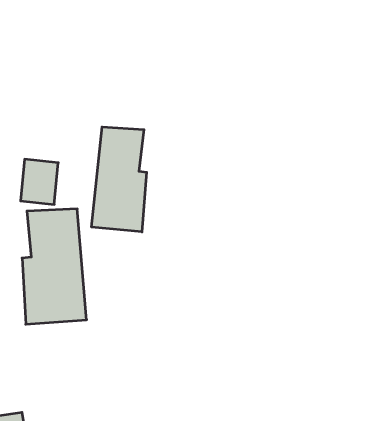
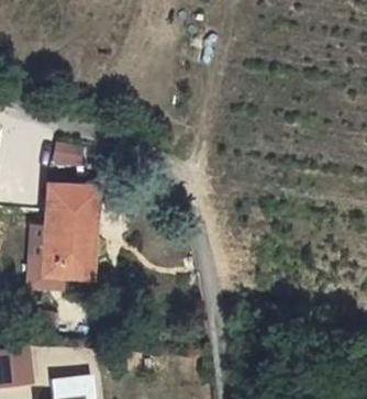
building: [92,127,147,232] -> none

